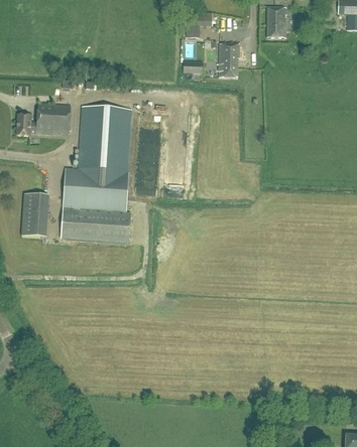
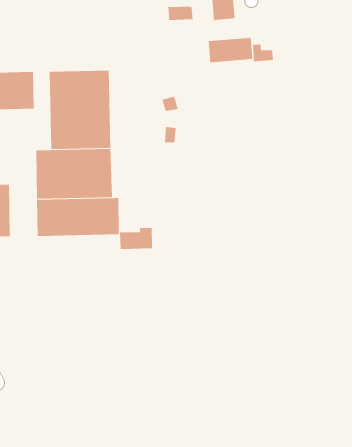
building: none -> [208,37,253,63]
building: none -> [120,227,153,250]

